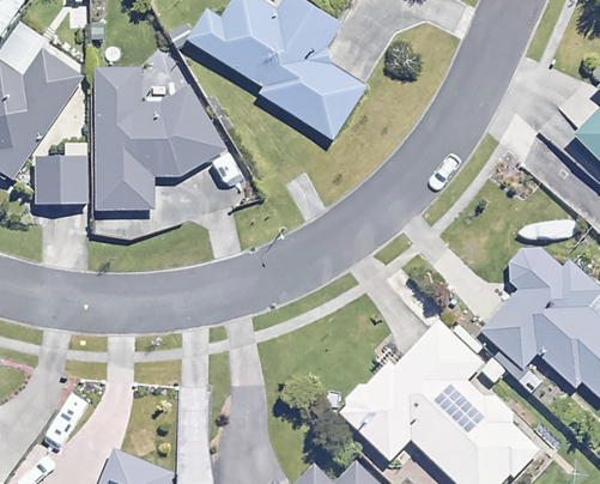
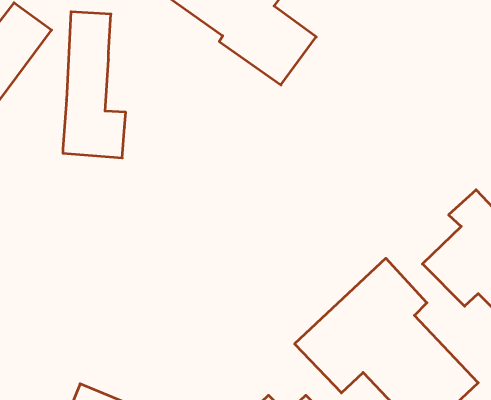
building: [143,85,225,181] -> none
building: [44,150,102,204] -> none

